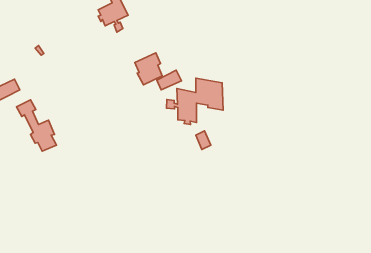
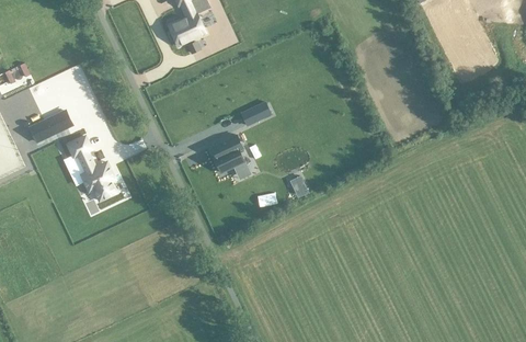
building: [135,53,162,85] -> [208,133,242,172]
building: [166,78,223,125] -> none

